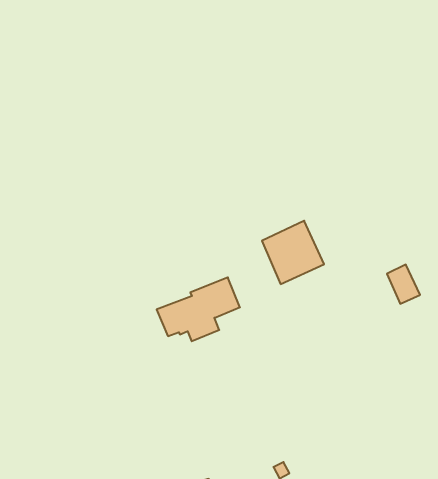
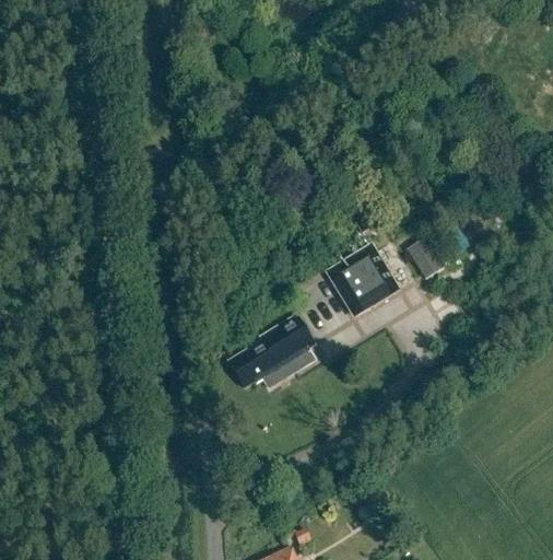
building: [387,265,420,304] -> [407,238,444,280]

